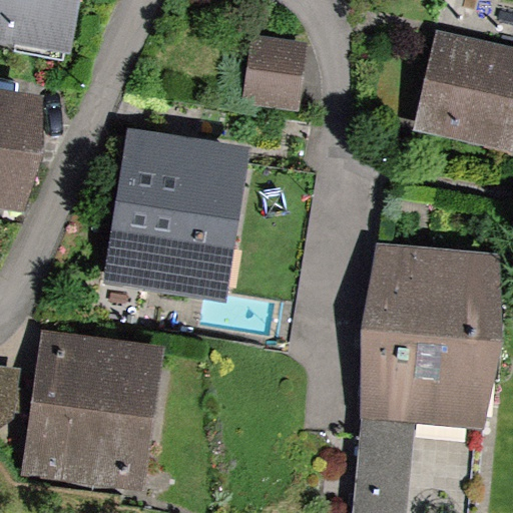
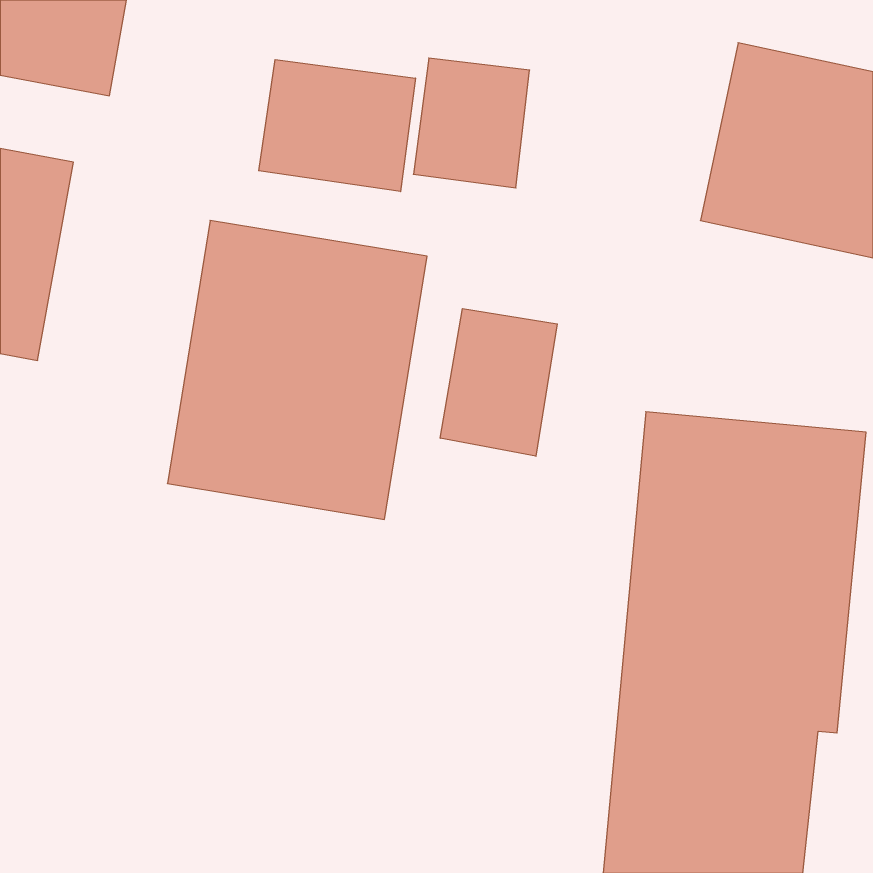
building: none -> [259,60,415,192]
building: none -> [440,309,557,456]
building: [15,328,161,493] -> none

